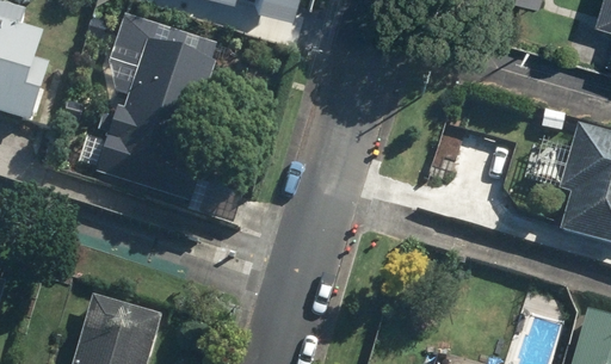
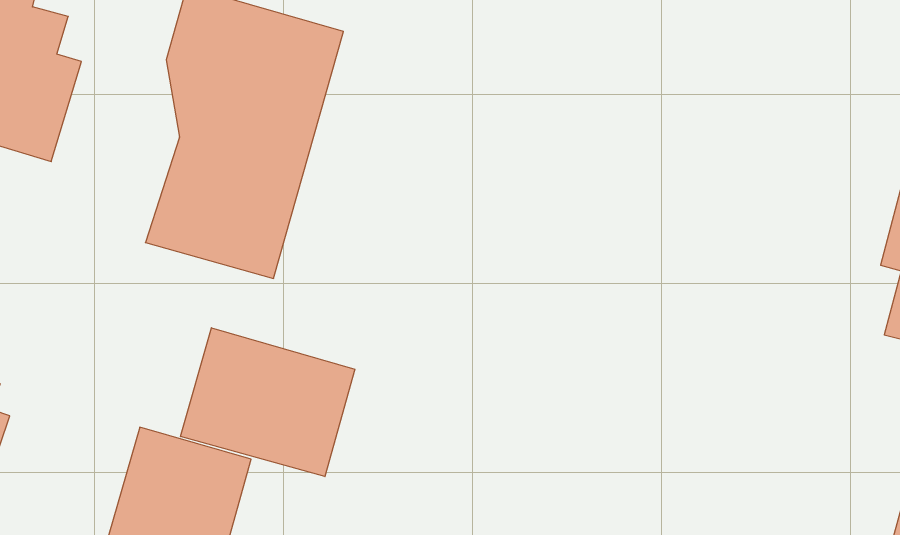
building: none -> [181,328,355,477]

